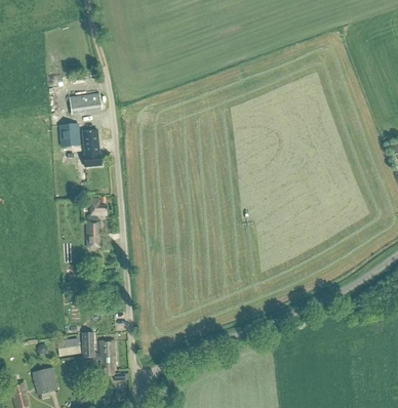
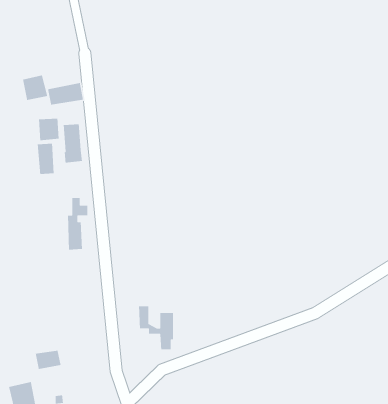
building: none -> [22,74,48,101]
building: none -> [37,143,55,175]
building: [82,334,115,375] -> [138,306,174,350]

